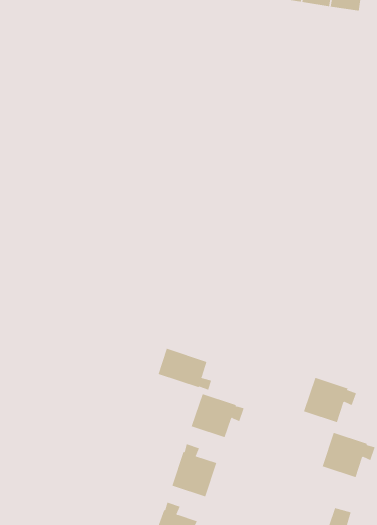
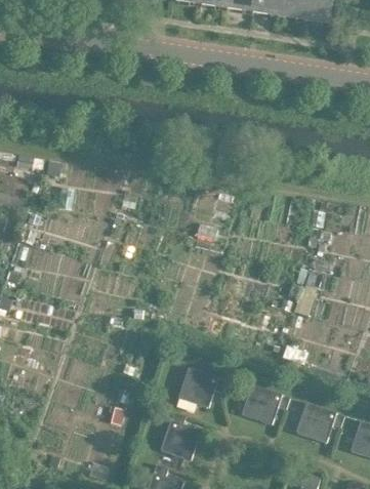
building: [158,348,212,391] -> none
building: [303,377,357,423] -> [240,381,288,422]

